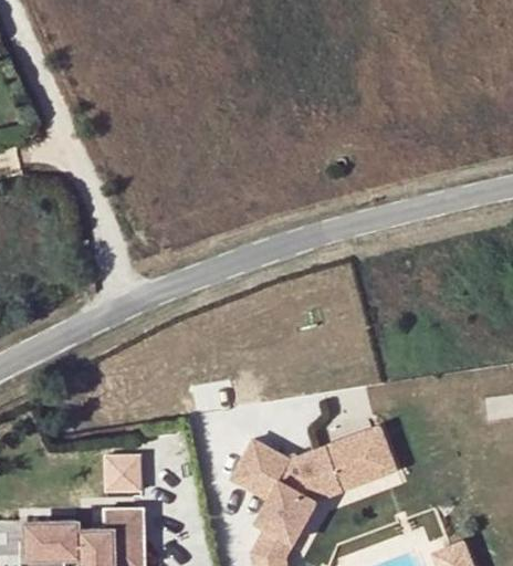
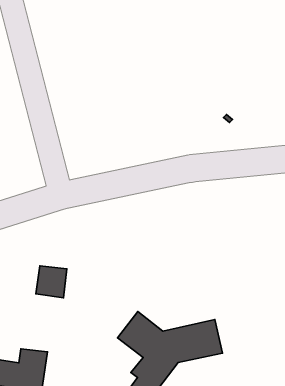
building: [358,427,396,479] -> none
building: [102,449,139,488] -> [36,266,67,298]

